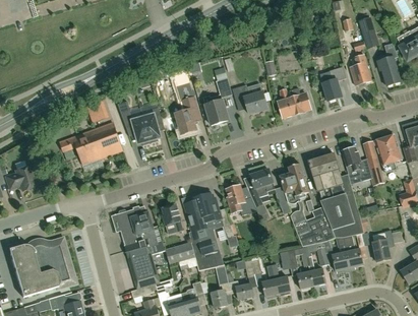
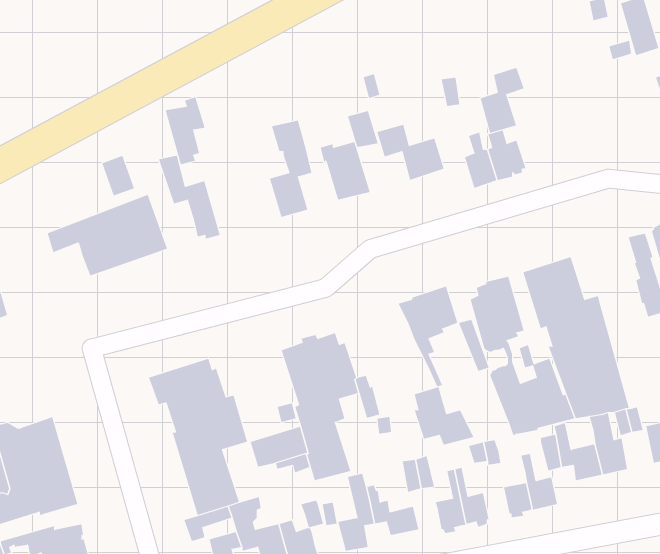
building: [350,54,371,84] -> none
building: [322,66,346,101] -> [480,67,525,133]
building: [142,107,164,142] -> [165,97,206,165]
building: [343,146,370,181] -> none
building: [227,184,258,214] -> [414,387,474,445]
building: [163,203,183,231] -> none

